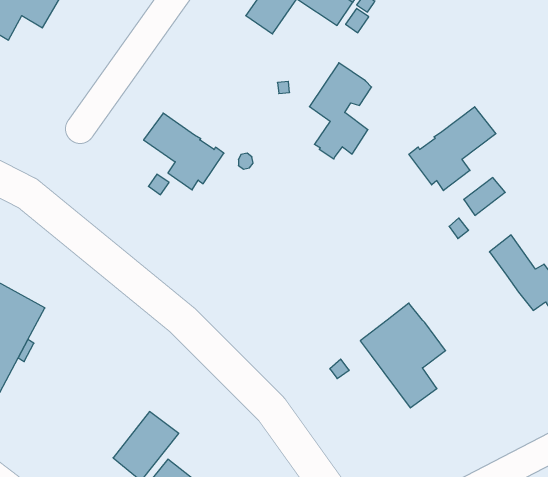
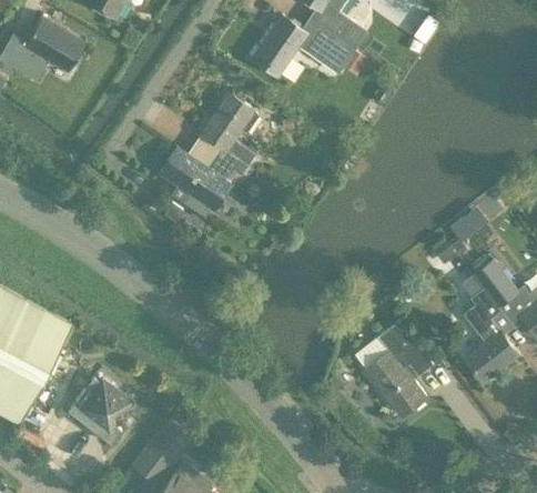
building: [309,63,372,159] -> [201,93,257,181]
building: [409,107,496,191] -> none
building: none -> [463,274,519,382]
building: none -> [68,378,131,443]

